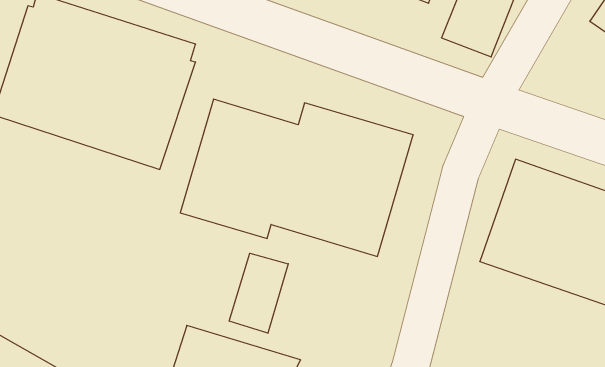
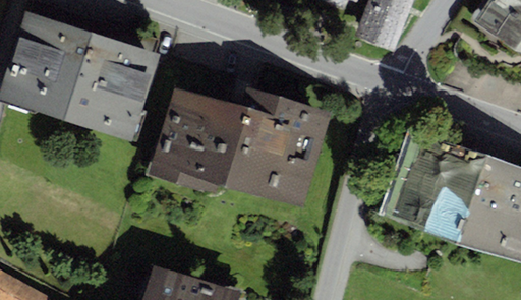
building: [229,253,288,333] -> none

